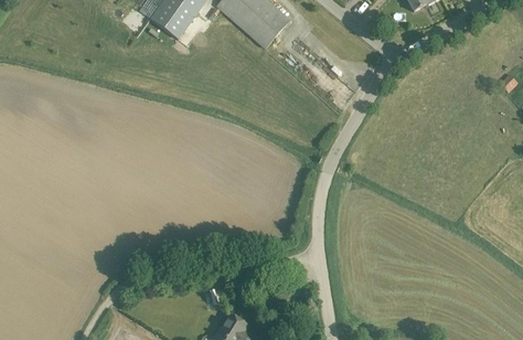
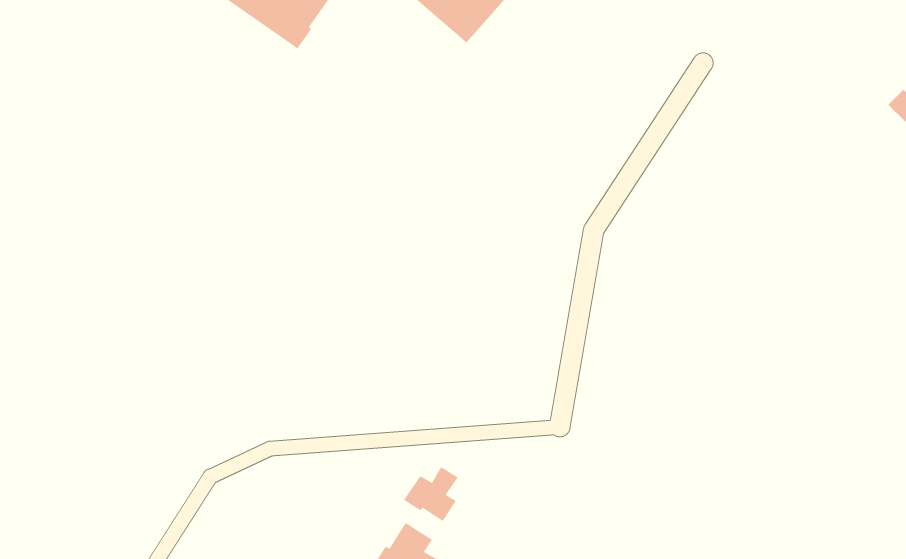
building: none -> [403,466,459,522]

